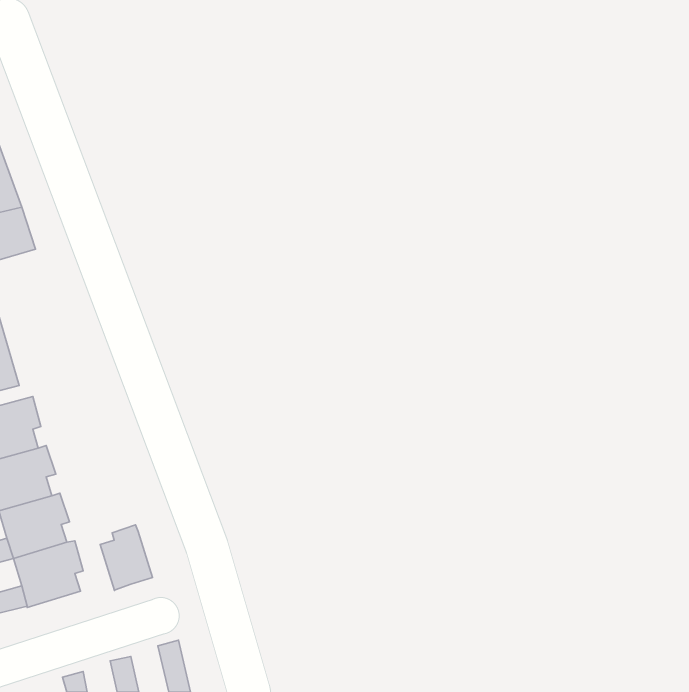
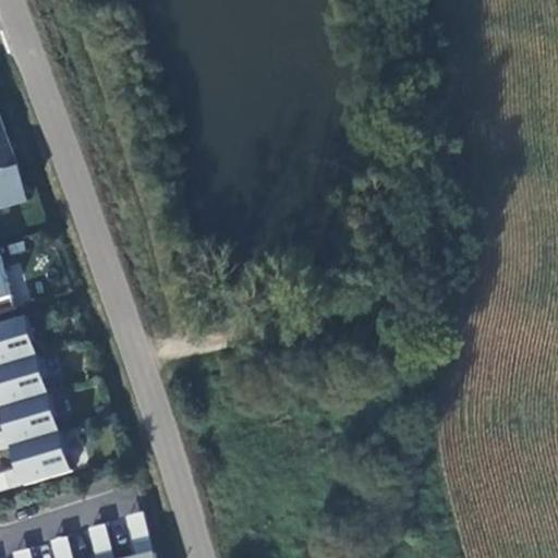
building: [100,525,152,590] -> none

